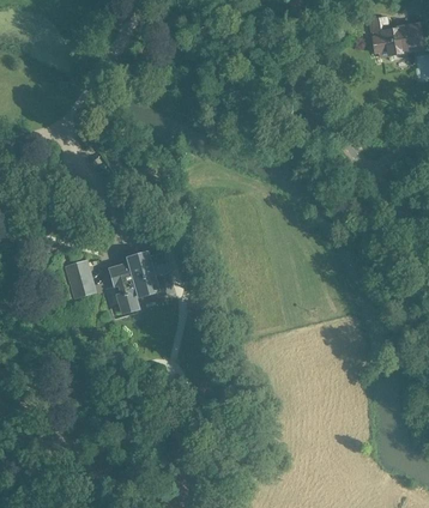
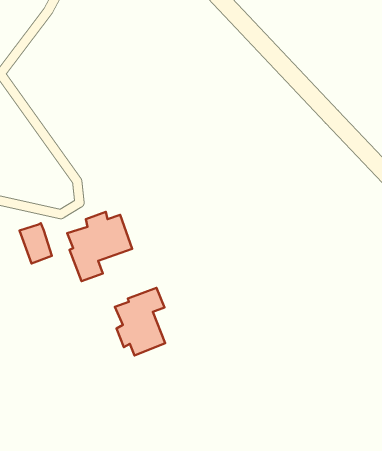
building: none -> [115,288,165,355]

